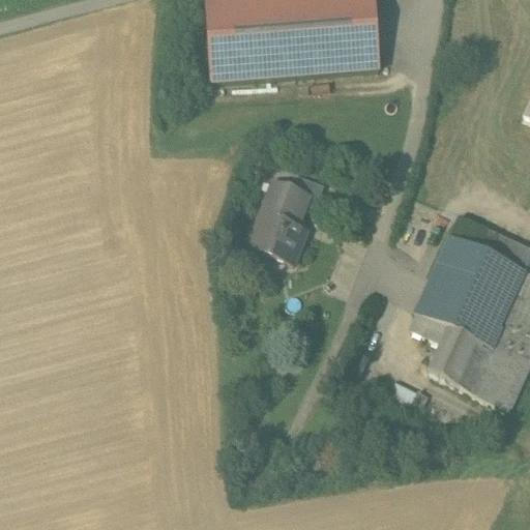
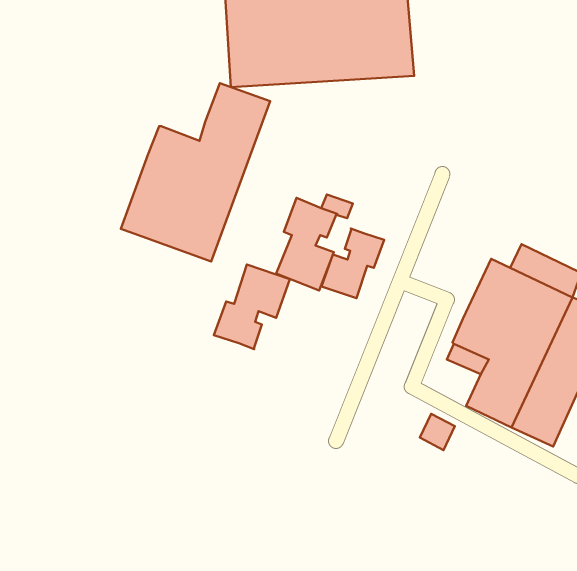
building: none -> [121,83,270,262]
building: none -> [322,228,384,298]
building: none -> [214,265,290,349]

